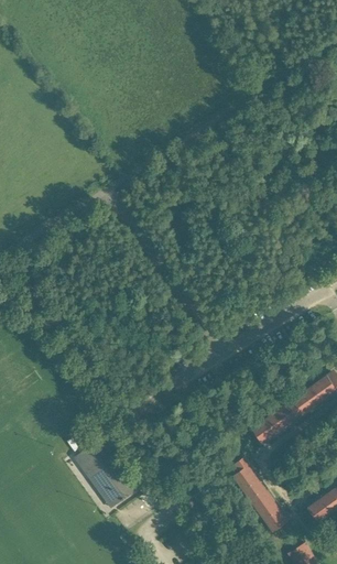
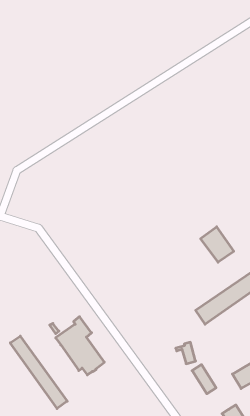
building: none -> [201,227,234,262]
building: none -> [10,336,67,409]

